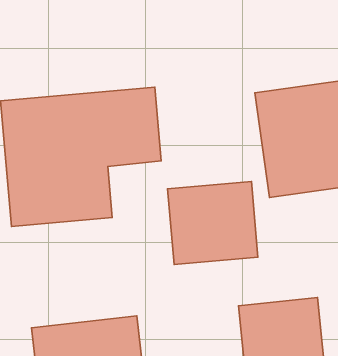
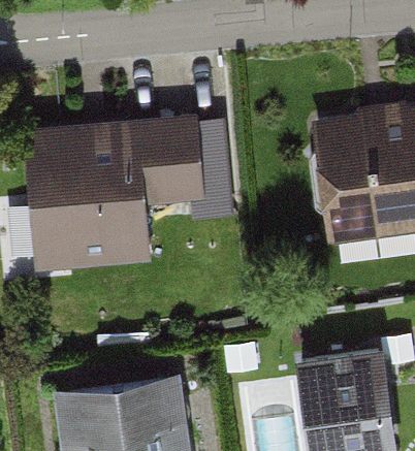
building: [168,181,258,265] -> none

